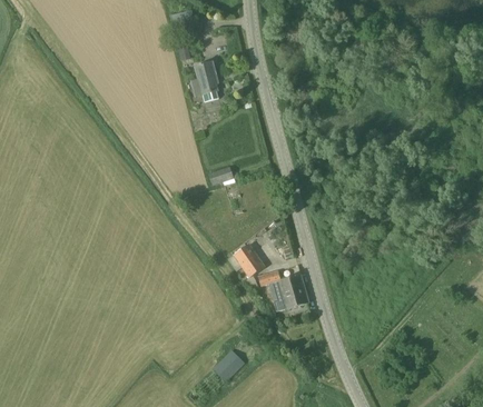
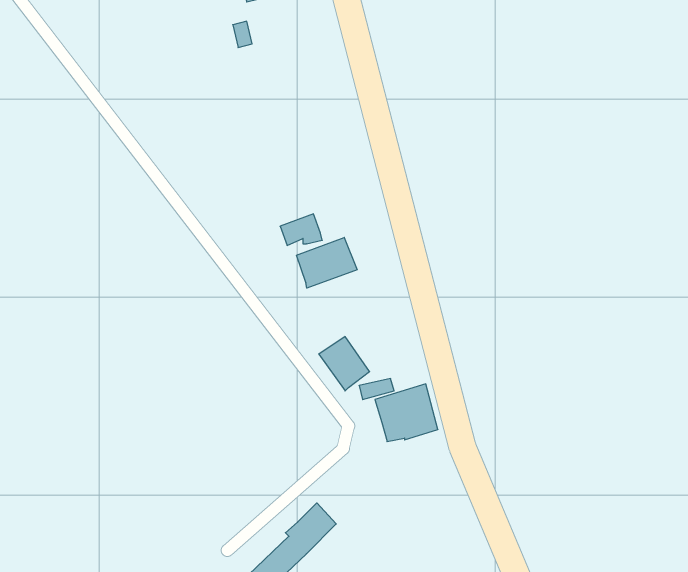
building: [190,62,219,101] -> none
building: none -> [297,237,357,288]

